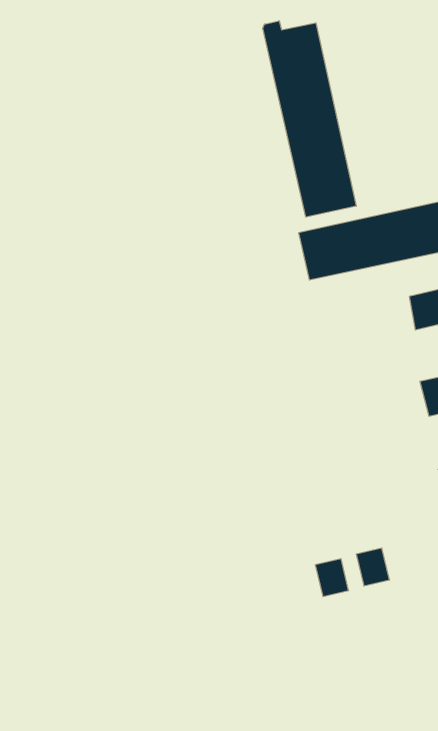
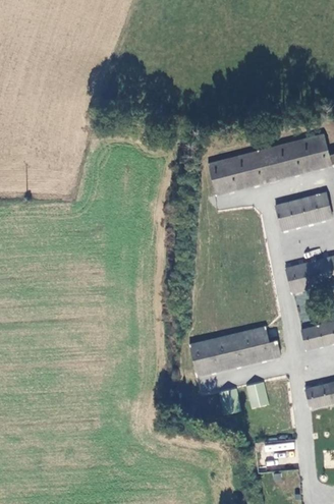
building: [263,21,356,217] -> none
building: none -> [186,322,278,372]

